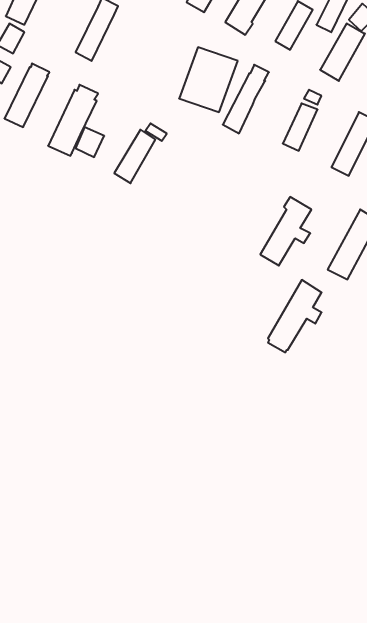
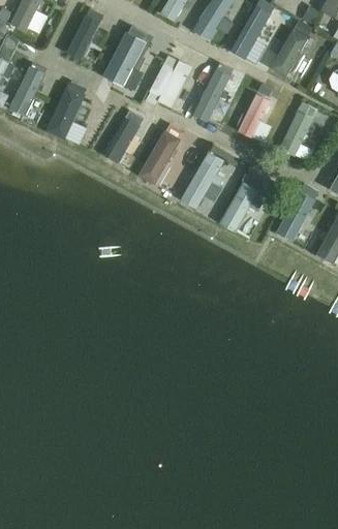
building: none -> [111,37,143,87]
building: none -> [137,124,182,185]
building: [268,280,322,352] -> [180,151,224,211]

